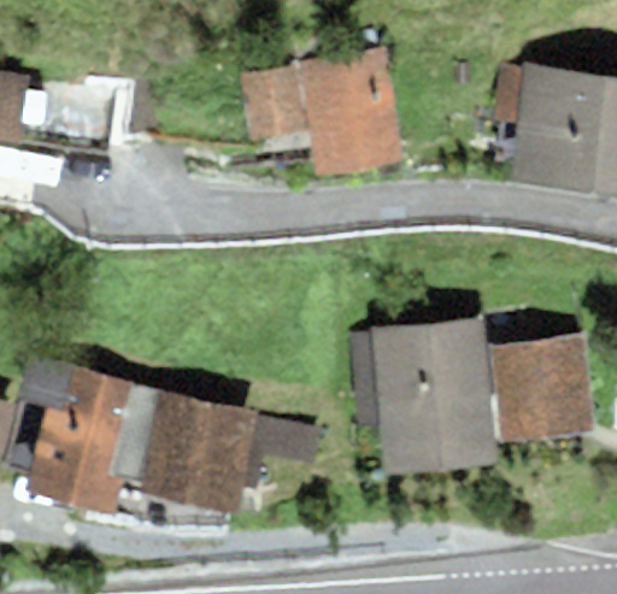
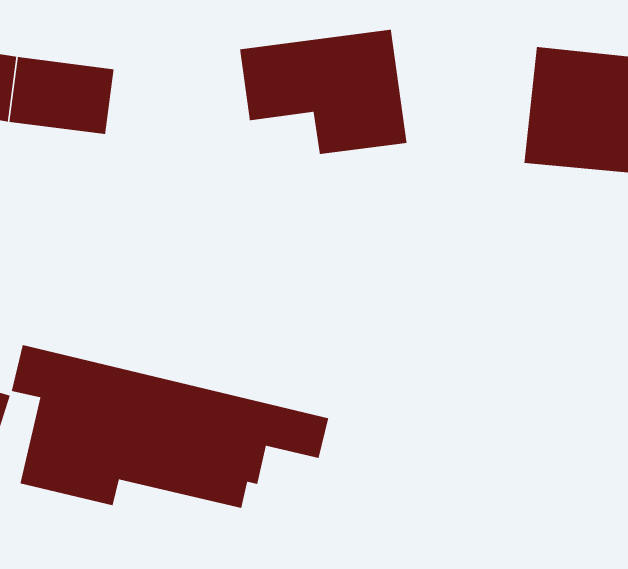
building: [365,317,592,476] -> none

